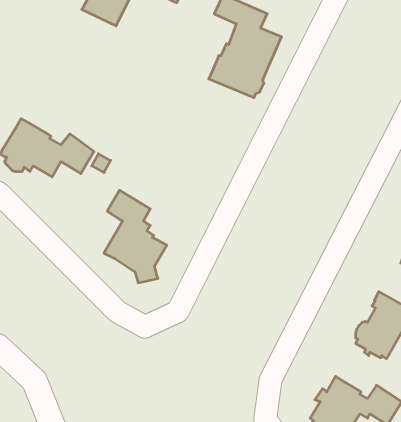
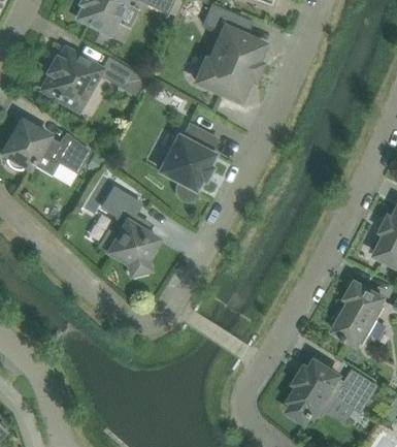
building: none -> [41,47,101,109]
building: none -> [103,60,142,93]
building: none -> [160,124,217,200]

